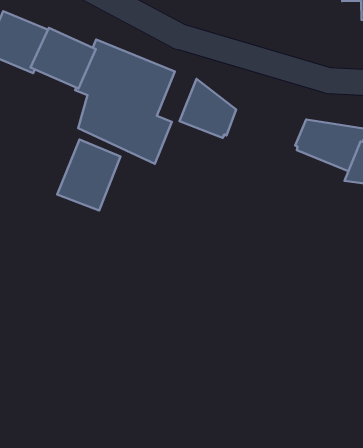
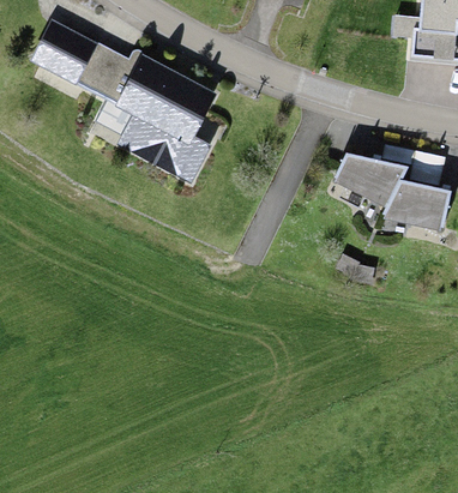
building: [179,79,236,138] -> none
building: [57,140,121,210] -> none

